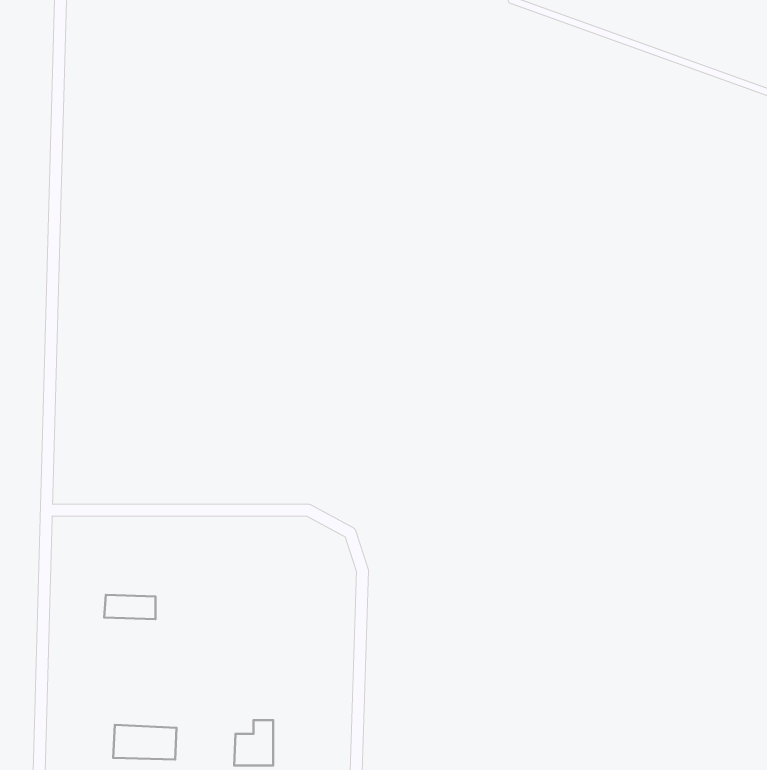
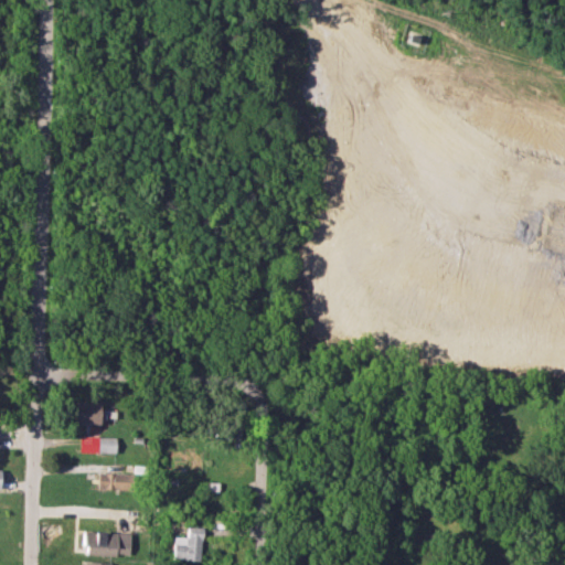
building: none -> [76,403,102,425]
building: none -> [99,472,135,491]

